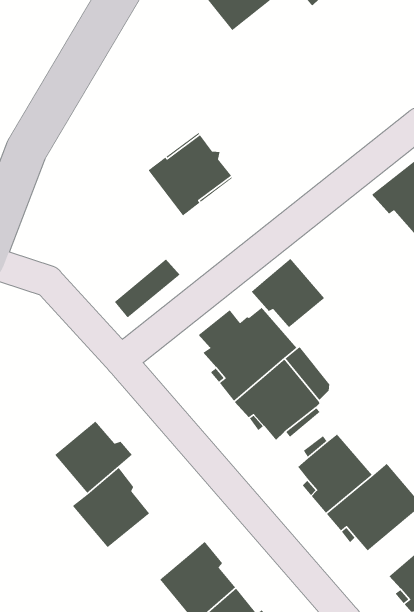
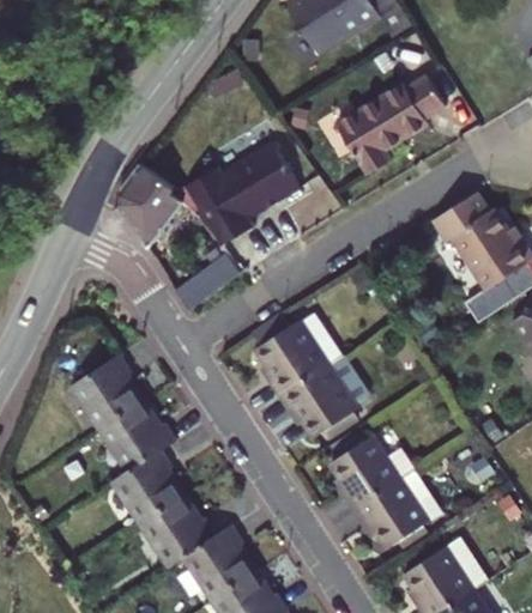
building: none -> [332,75,441,175]
building: none -> [187,168,254,247]
building: none -> [116,164,194,247]
building: [251,258,325,328] -> none
building: none -> [74,353,146,427]
building: none -> [144,492,220,564]

